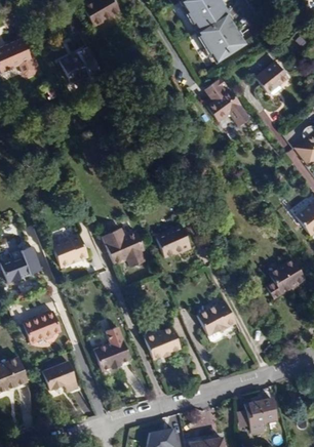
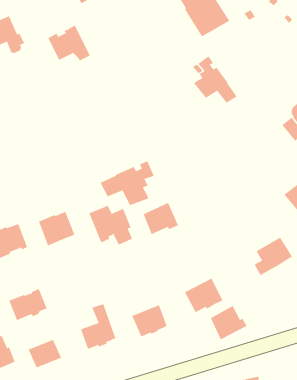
building: [256,62,288,94] -> none
building: none -> [100,160,155,206]
building: none -> [210,305,247,340]

